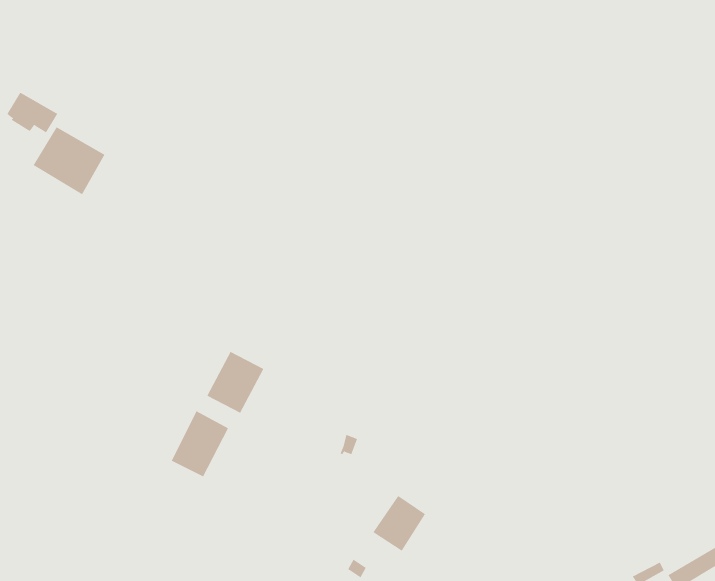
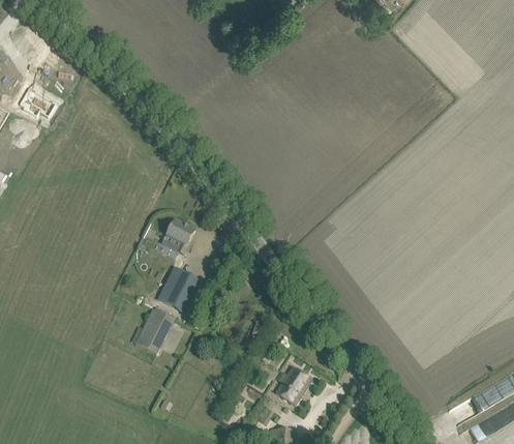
building: [33,126,105,195] -> none
building: none -> [167,219,195,254]

